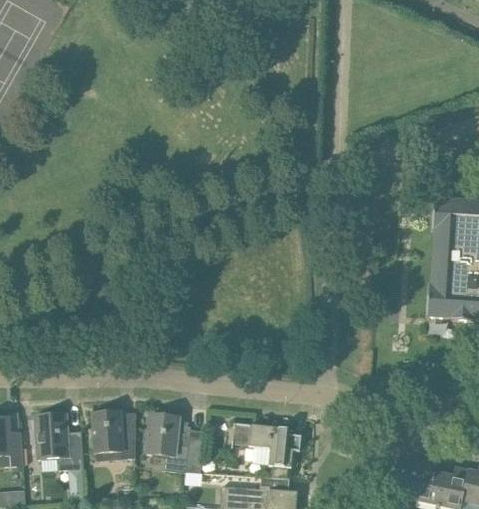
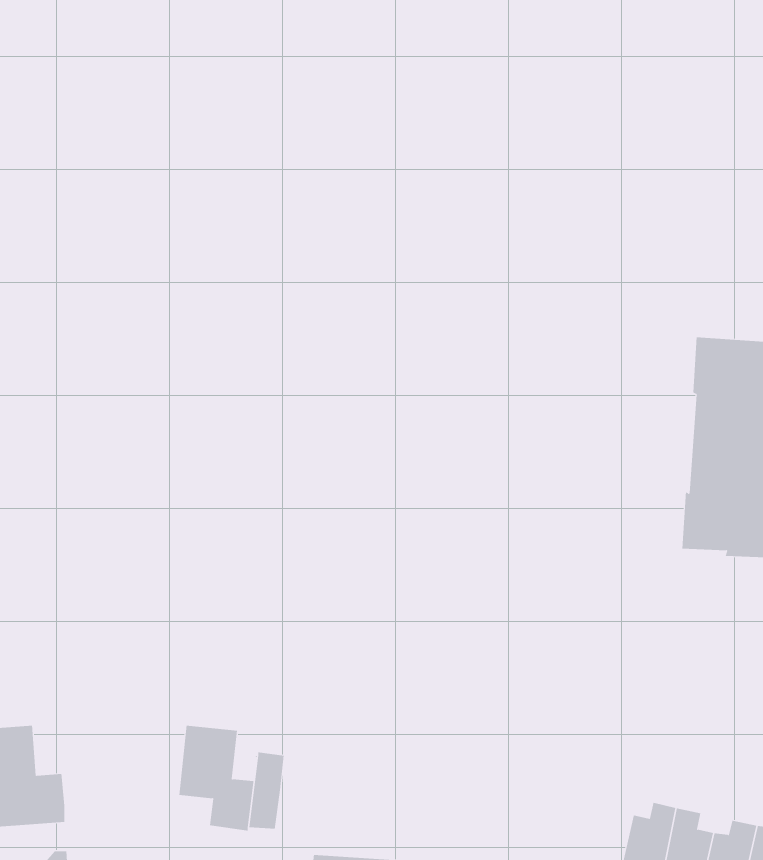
building: [91,411,135,459] -> none
building: [231,422,301,478] -> none

